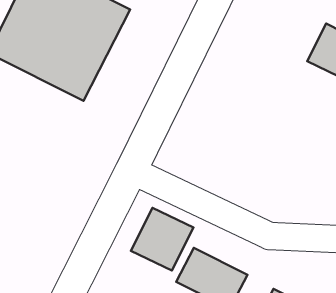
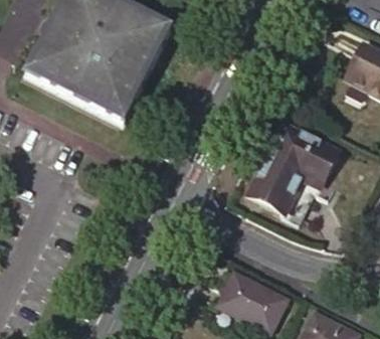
building: none -> [248,124,337,224]
building: [131,208,193,271] -> none

